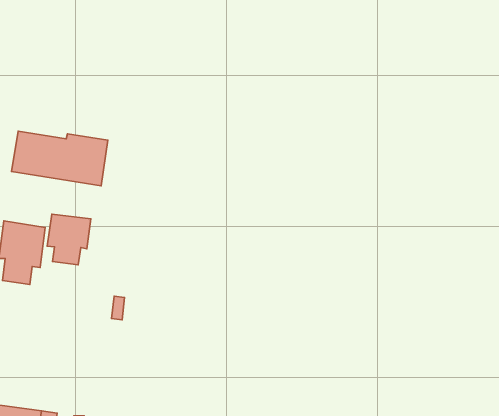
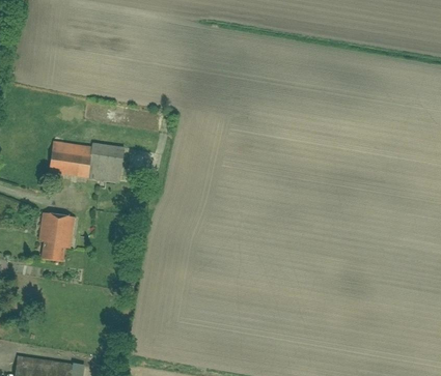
building: [47,214,91,265] -> none

